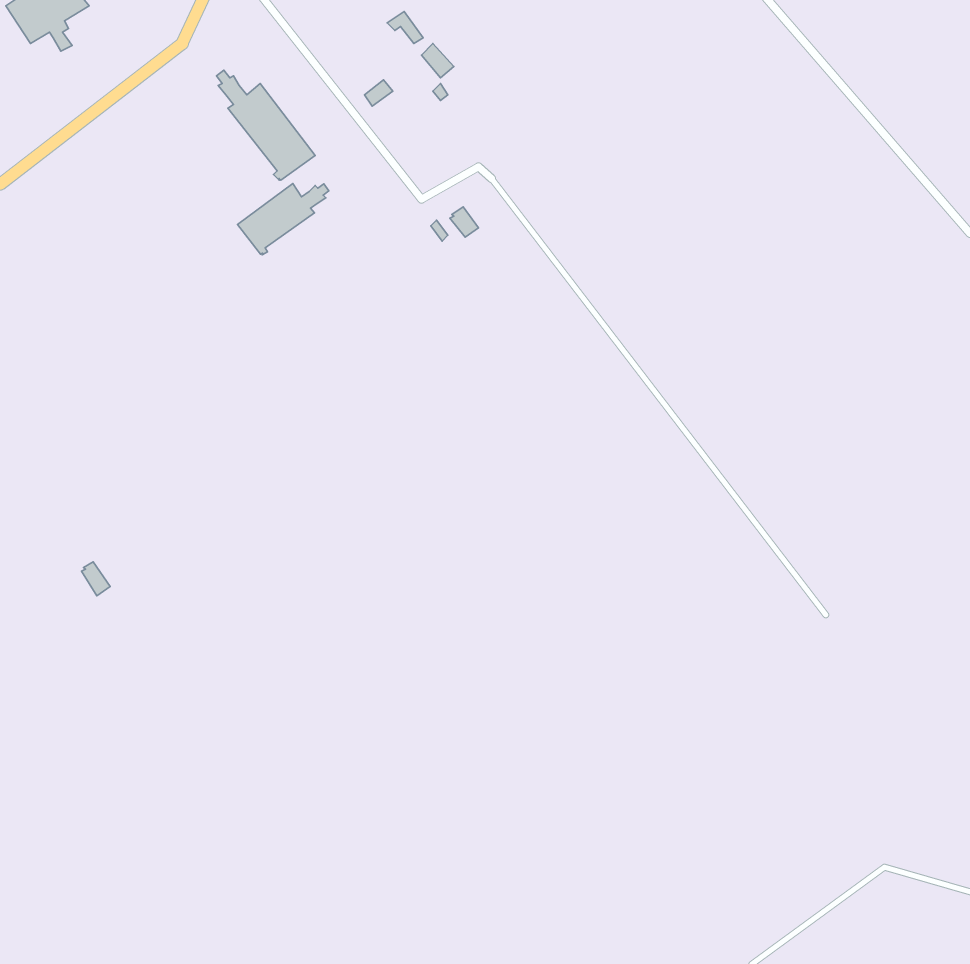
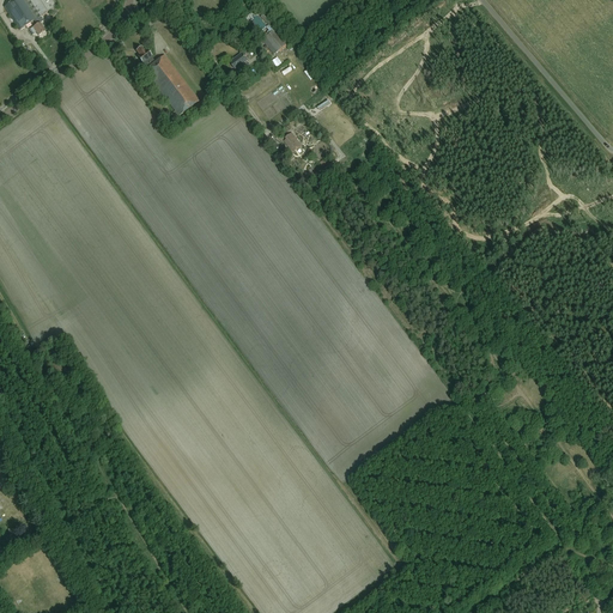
building: [238,184,329,255] -> none

